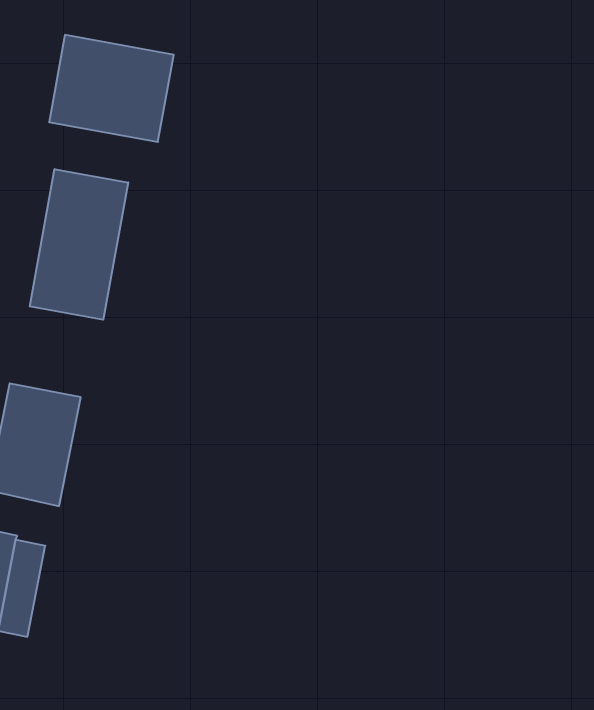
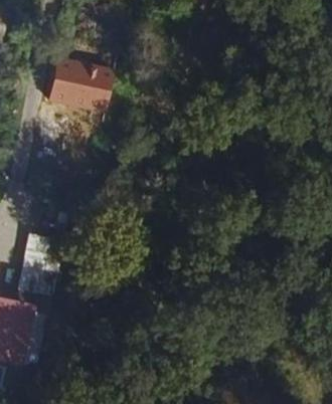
building: [30,169,128,320] -> none

